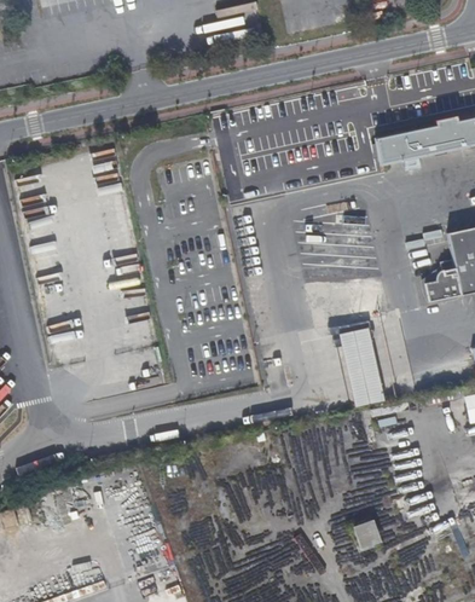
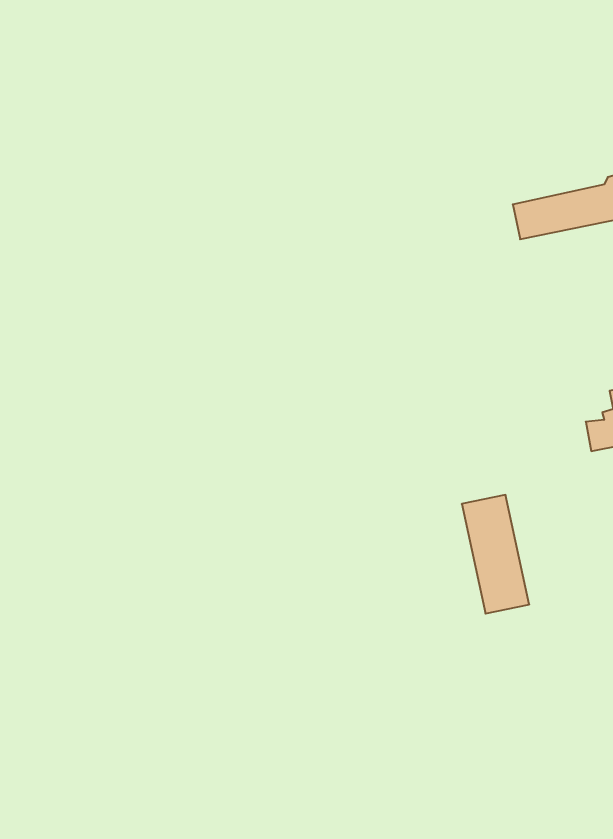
building: [353,517,383,550] -> none

